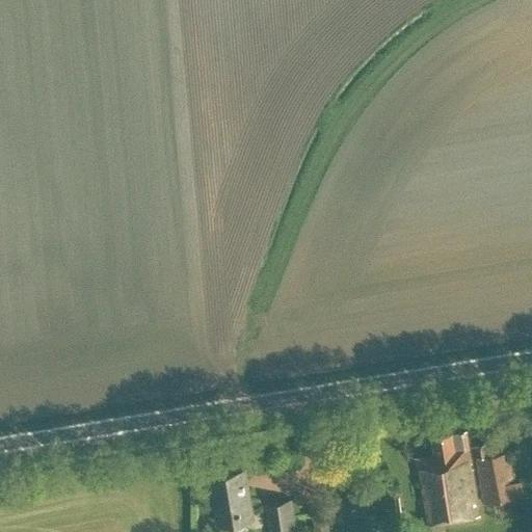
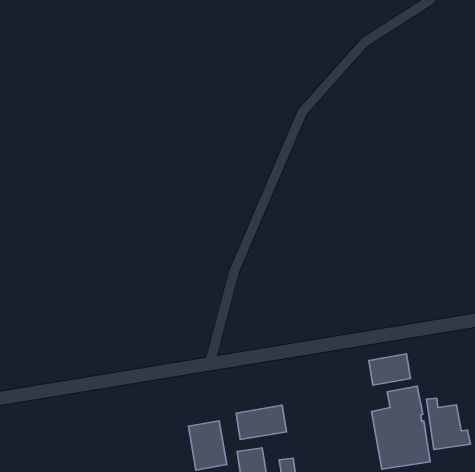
building: none -> [369,354,410,385]
building: none -> [236,405,286,440]

